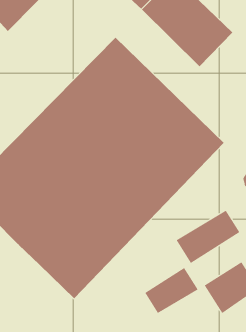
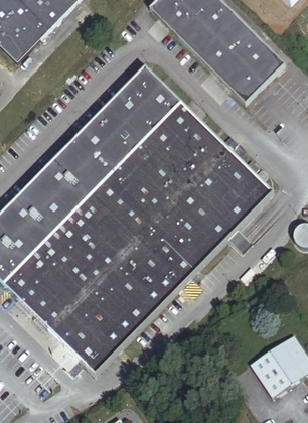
building: [176,210,240,264] -> none
building: [145,267,198,314] -> none

